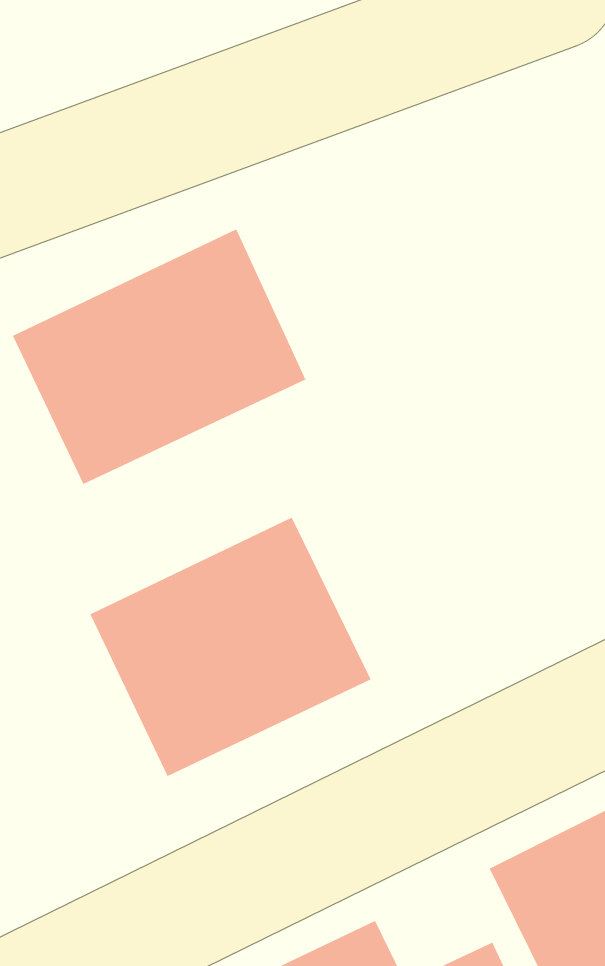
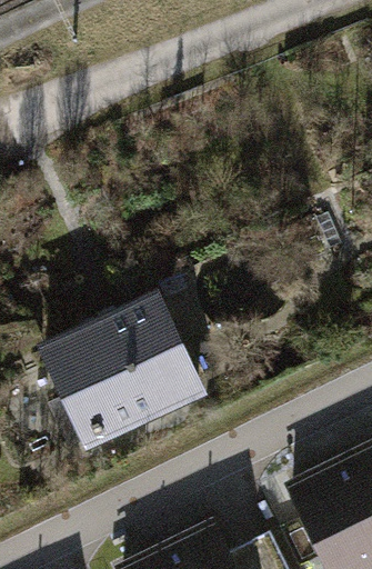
building: [12,229,306,485] -> none

